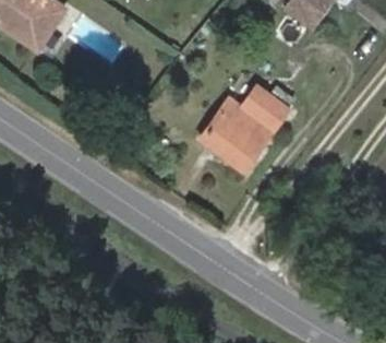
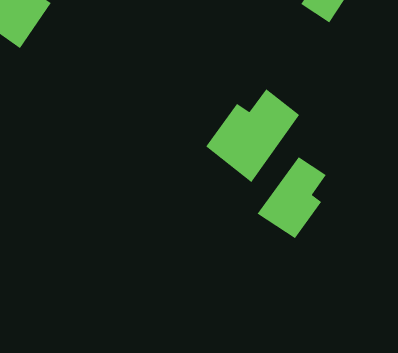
building: none -> [257,156,327,239]

